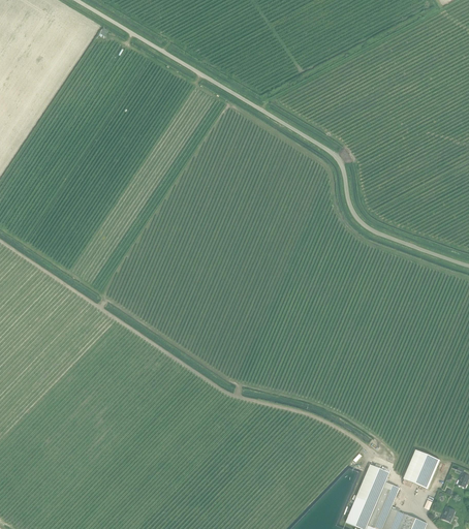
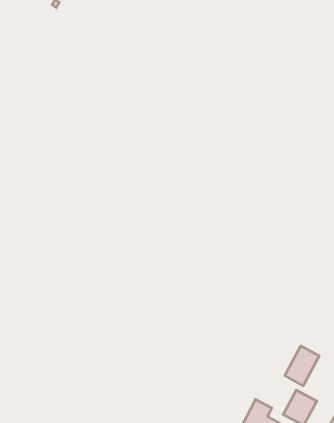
building: none -> [285,346,319,386]

